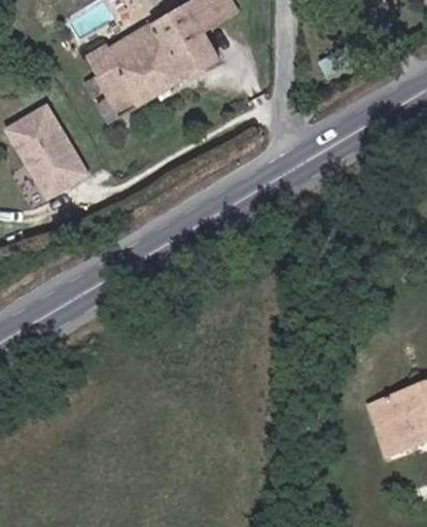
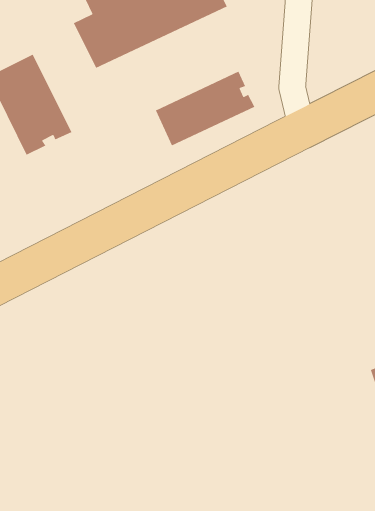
building: none -> [155,71,256,147]

